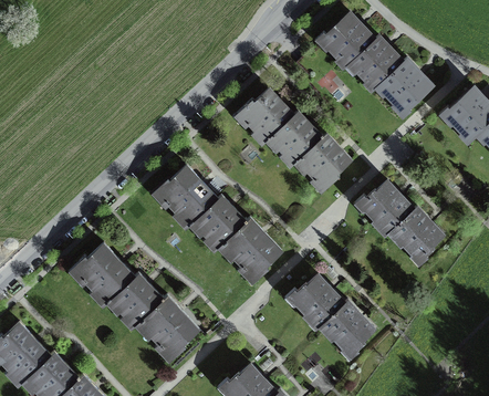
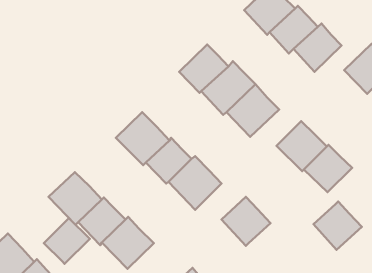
building: none -> [44,218,90,264]
building: [320,301,381,362] -> [314,201,362,250]

